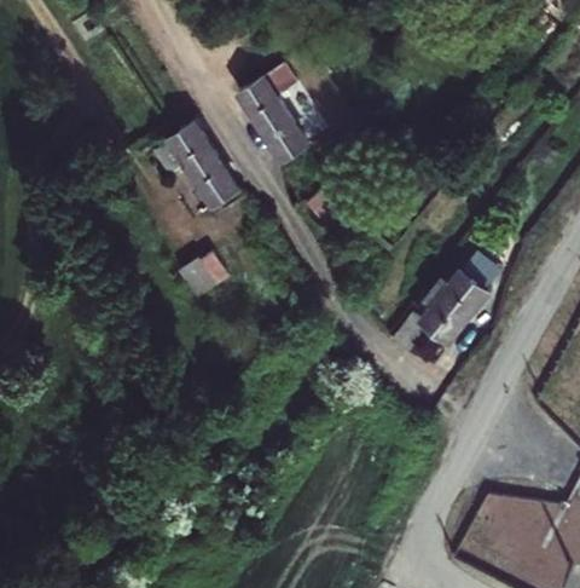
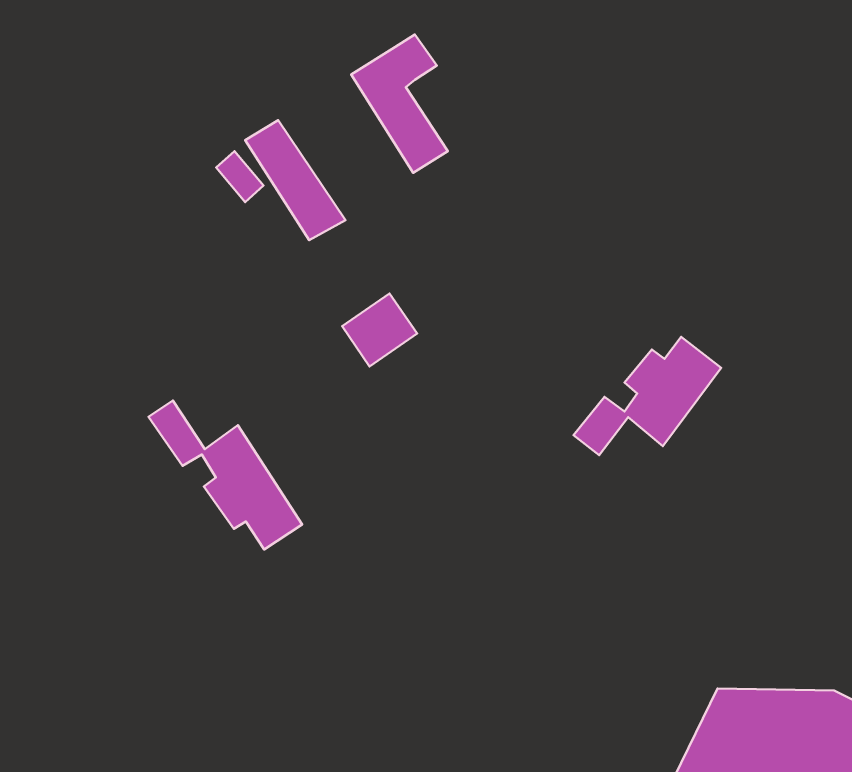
building: [181,252,231,300] -> [342,293,417,366]
building: none -> [149,401,302,549]

